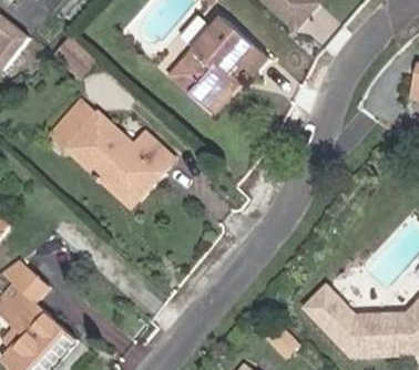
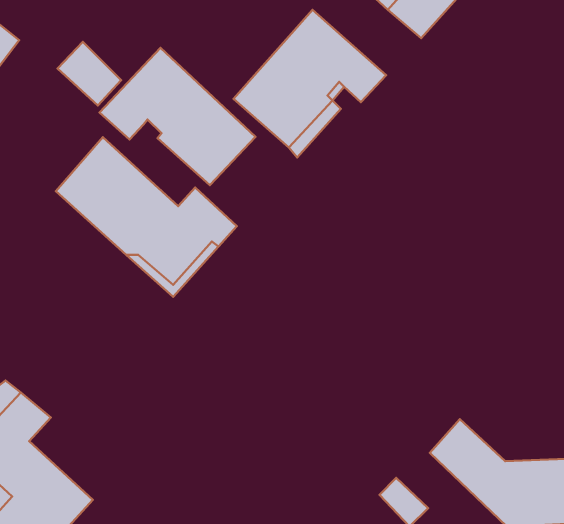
building: none -> [100,48,256,185]

